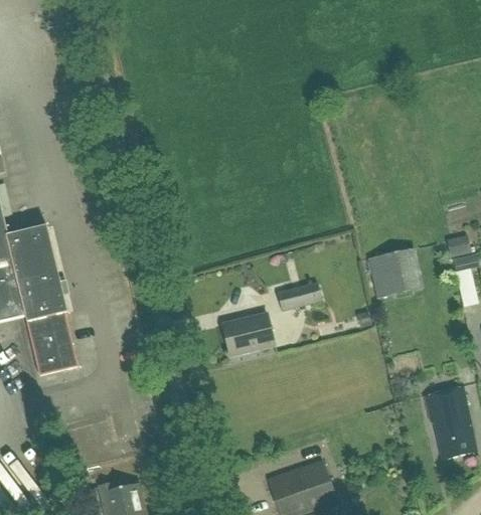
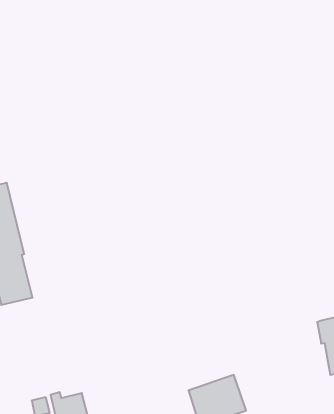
building: [366,248,422,299] -> none
building: [276,283,320,312] -> none
building: [220,313,273,356] -> none

